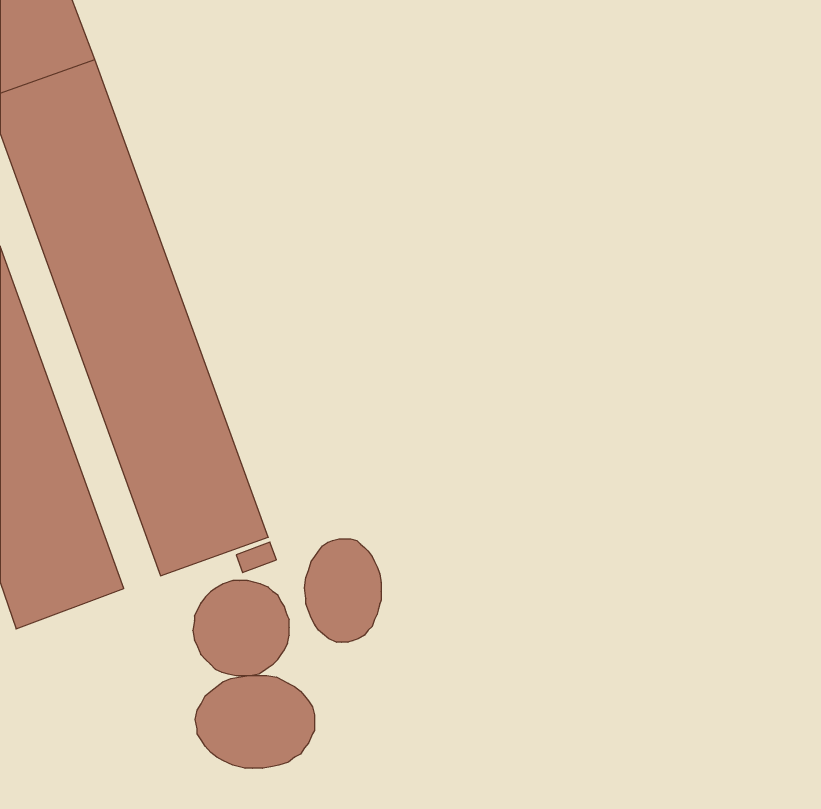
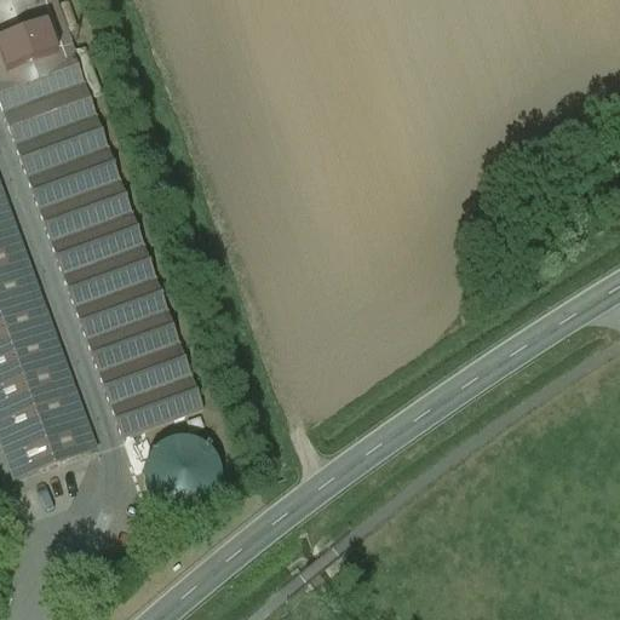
building: [305,539,381,642] -> none
building: [195,676,315,768] -> none

